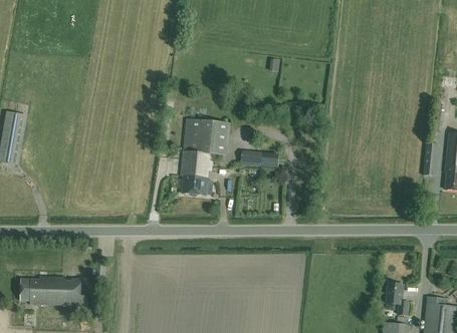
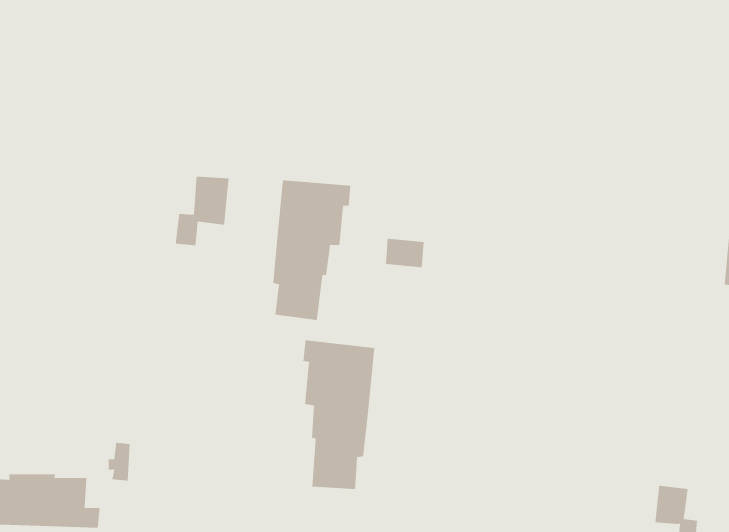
building: none -> [175,176,229,246]
building: none -> [303,339,375,490]

